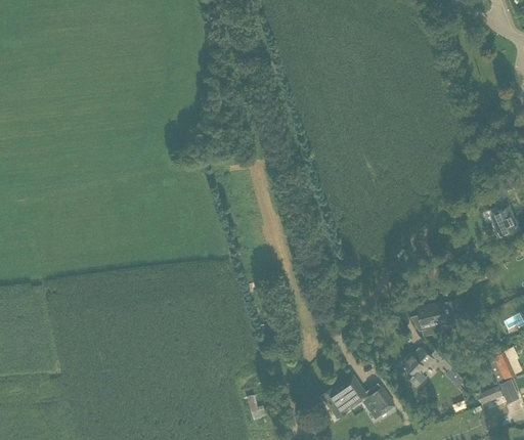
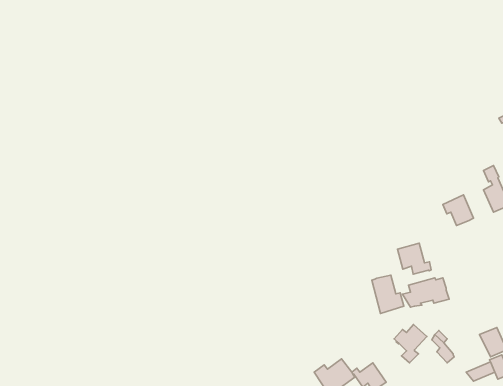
building: none -> [443,195,474,225]
building: none -> [397,243,431,274]
building: none -> [372,275,404,314]

